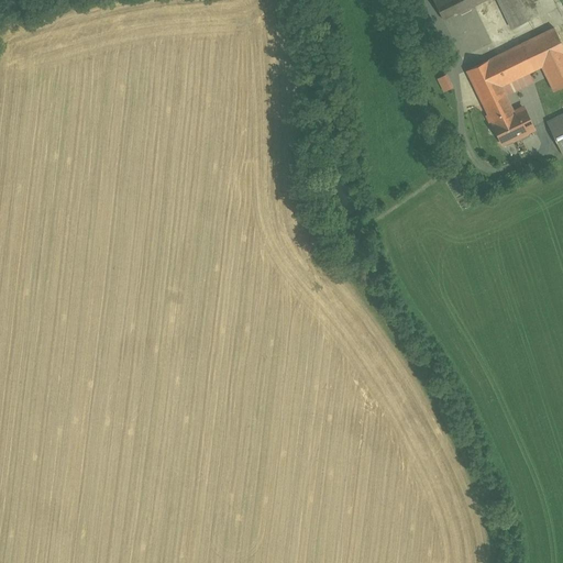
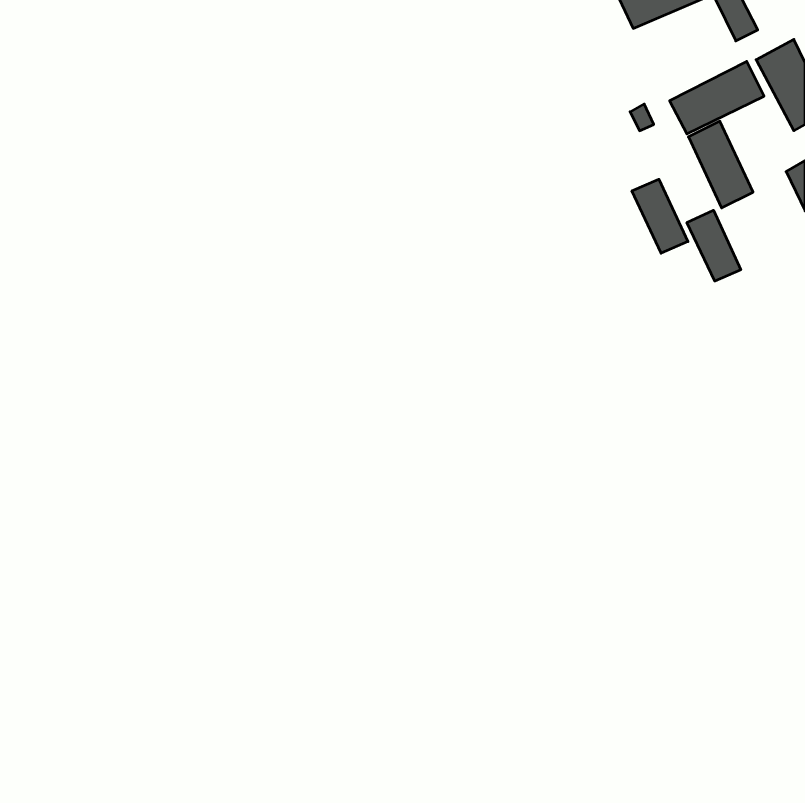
building: none -> [632,179,688,253]
building: none -> [687,210,741,281]

